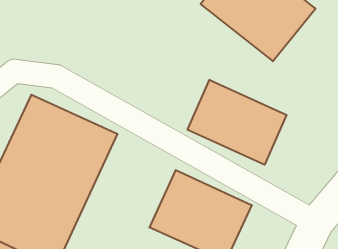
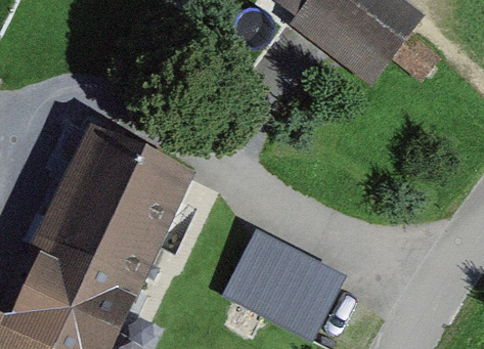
building: [188,80,287,165] -> none

